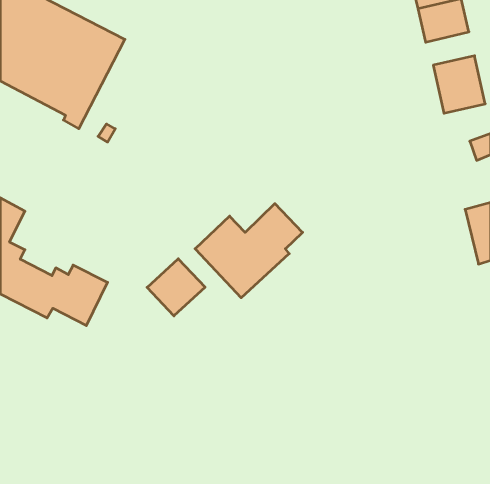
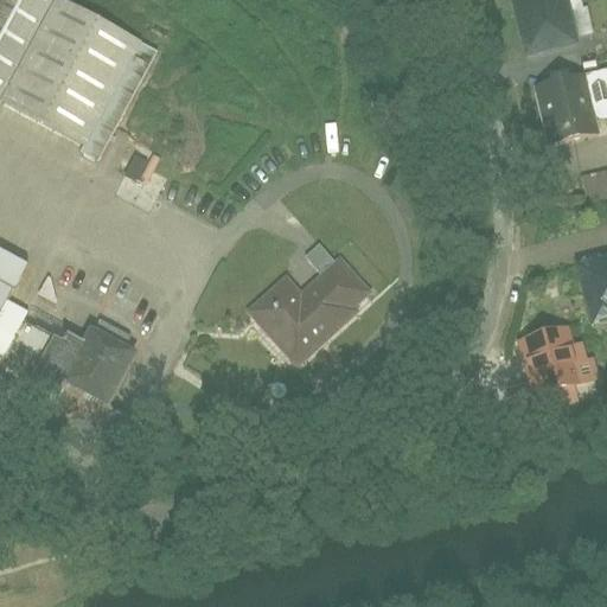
building: [147,259,205,316] -> none
building: none -> [519,326,577,390]

